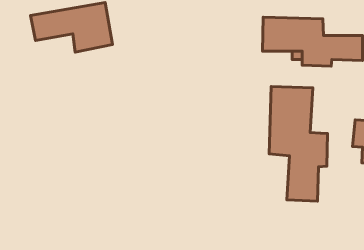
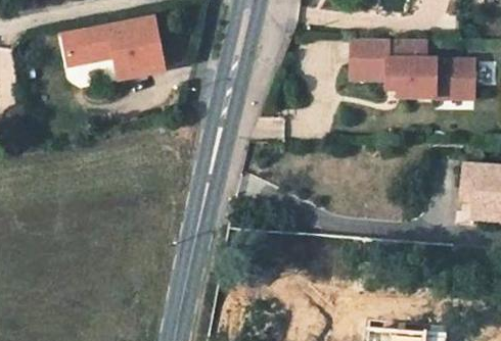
building: [269,86,328,201] -> none

